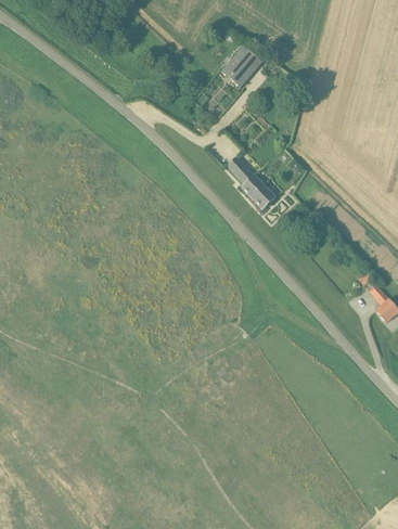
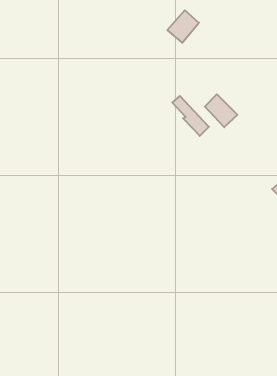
building: none -> [205,94,237,127]

